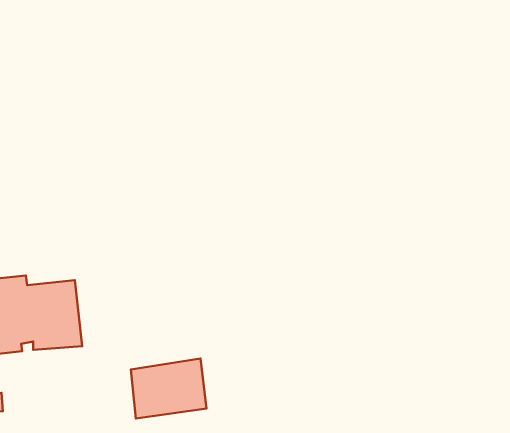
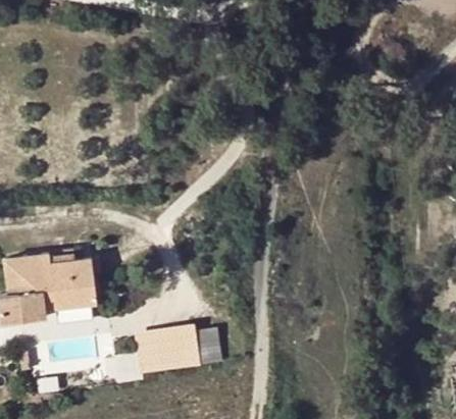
building: none -> [196,326,222,364]

